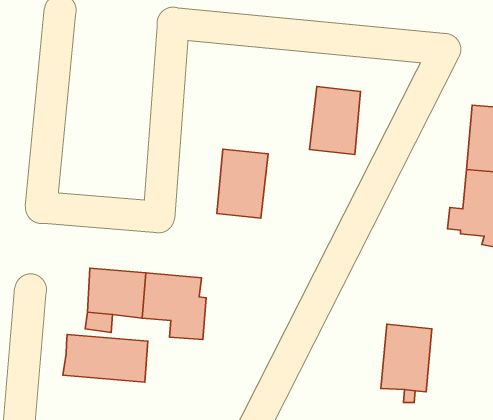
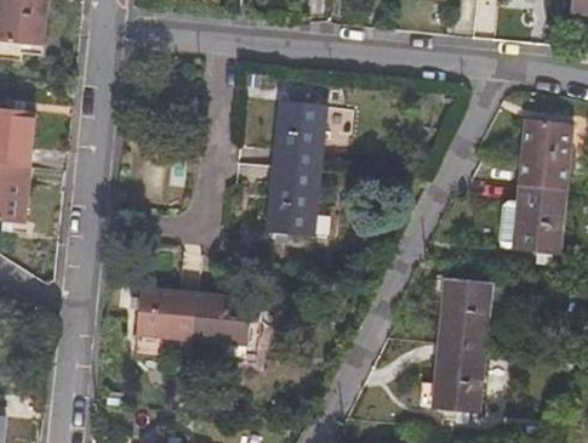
building: [310,87,361,154] -> [273,100,325,169]
building: none -> [440,277,492,347]
building: [63,334,148,382] -> none

